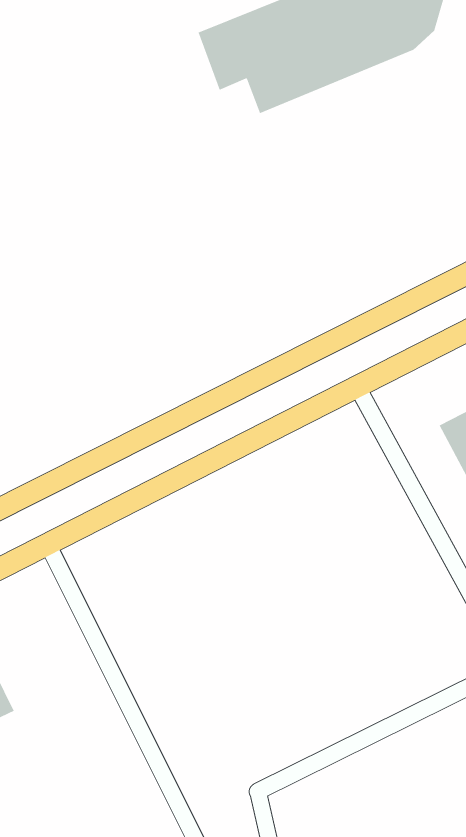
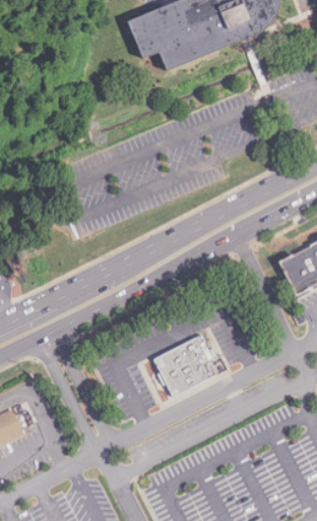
building: none -> [149,332,217,394]

